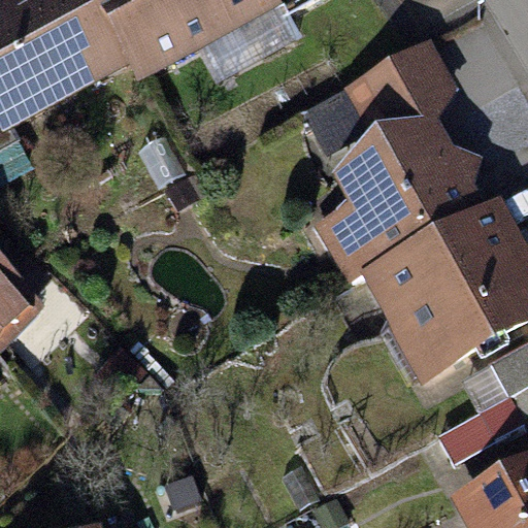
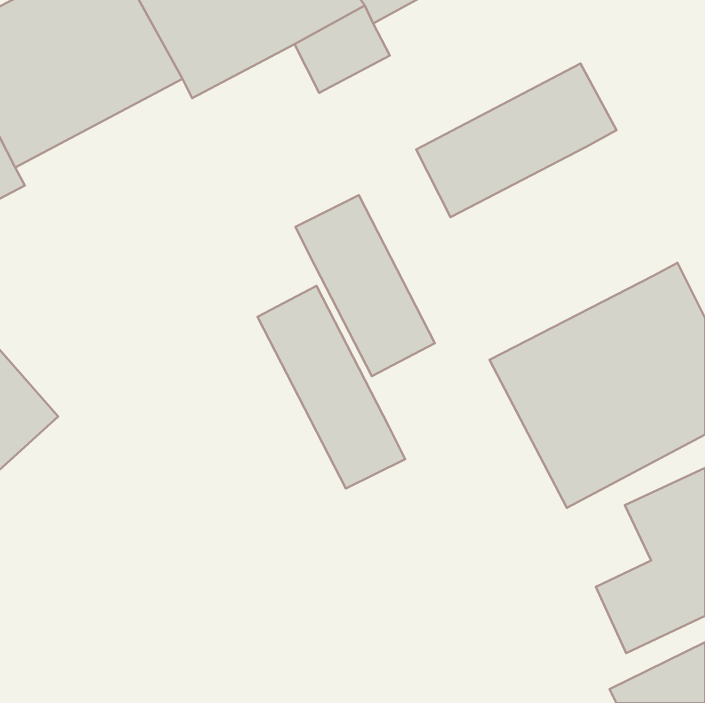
building: [320,109,488,278] -> none
building: none -> [296,195,435,376]
building: none -> [258,286,405,488]

